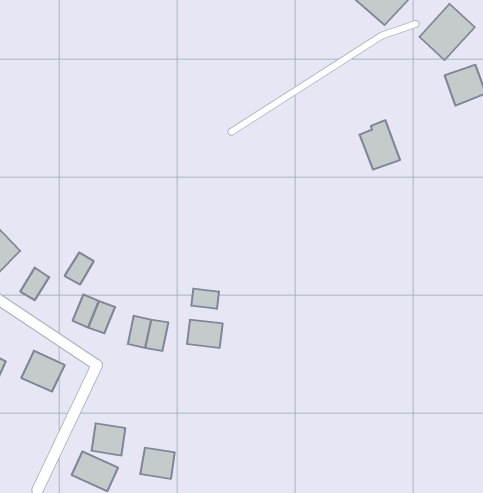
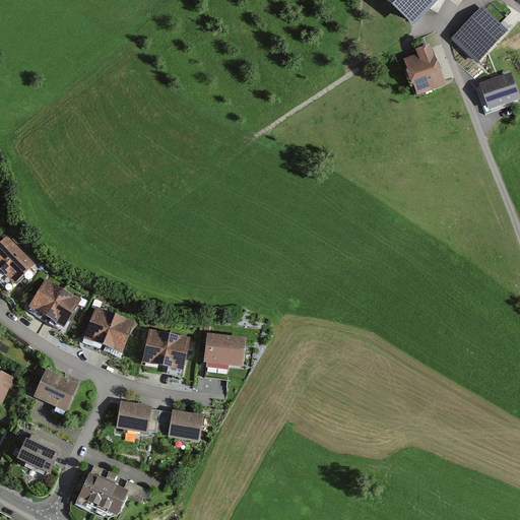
building: [359,120,400,170] -> [402,43,445,94]
building: [65,252,94,284] -> [47,290,77,324]
building: [192,288,219,309] -> none
building: none -> [16,438,59,473]
building: [91,423,125,455] -> [116,400,151,434]
building: [140,448,175,479] -> [167,409,203,442]

